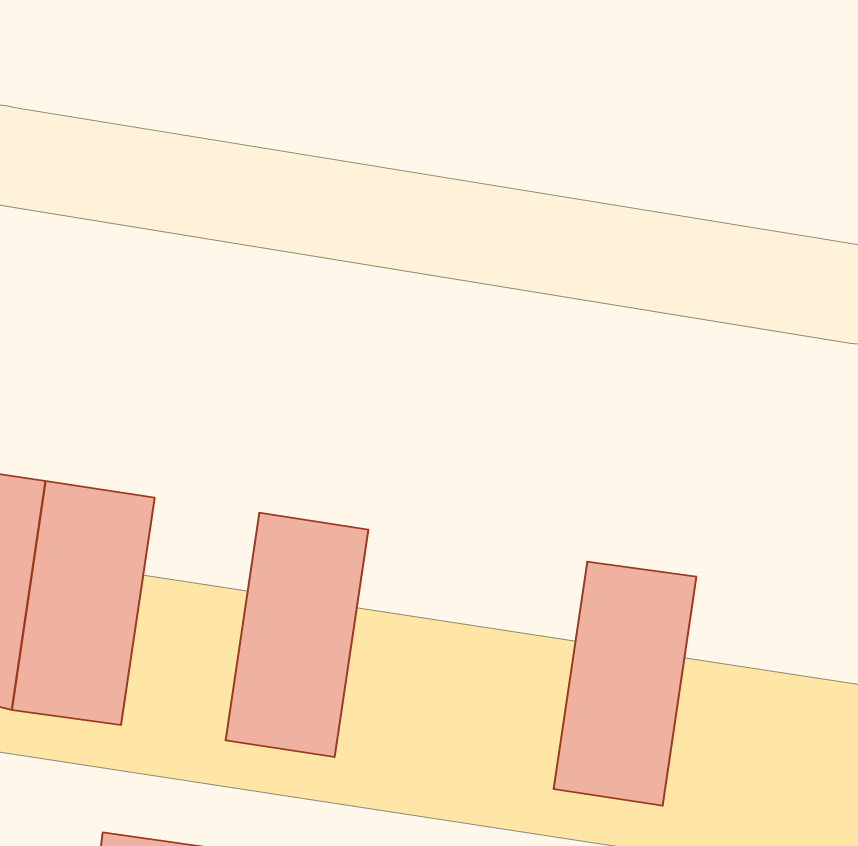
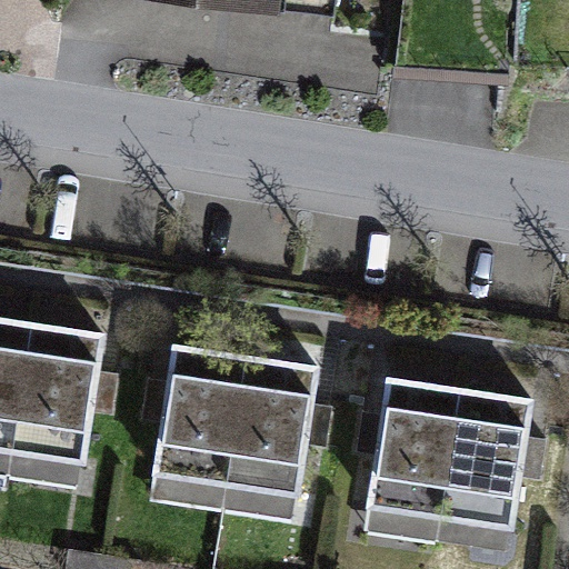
building: none -> [221,359,316,520]
building: none -> [438,390,531,551]

